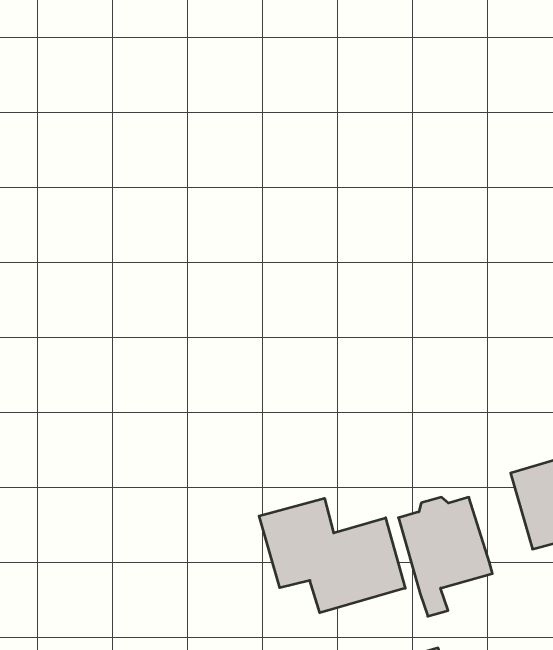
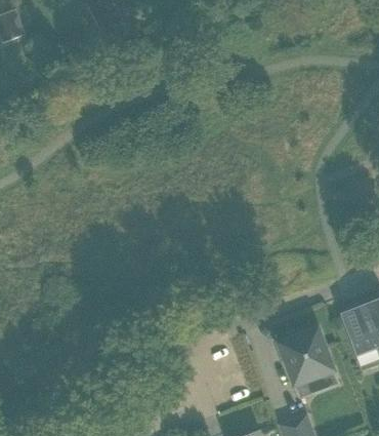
building: [259,498,405,613] -> none

